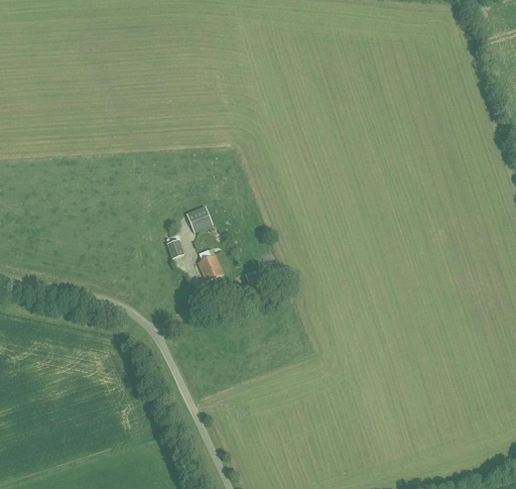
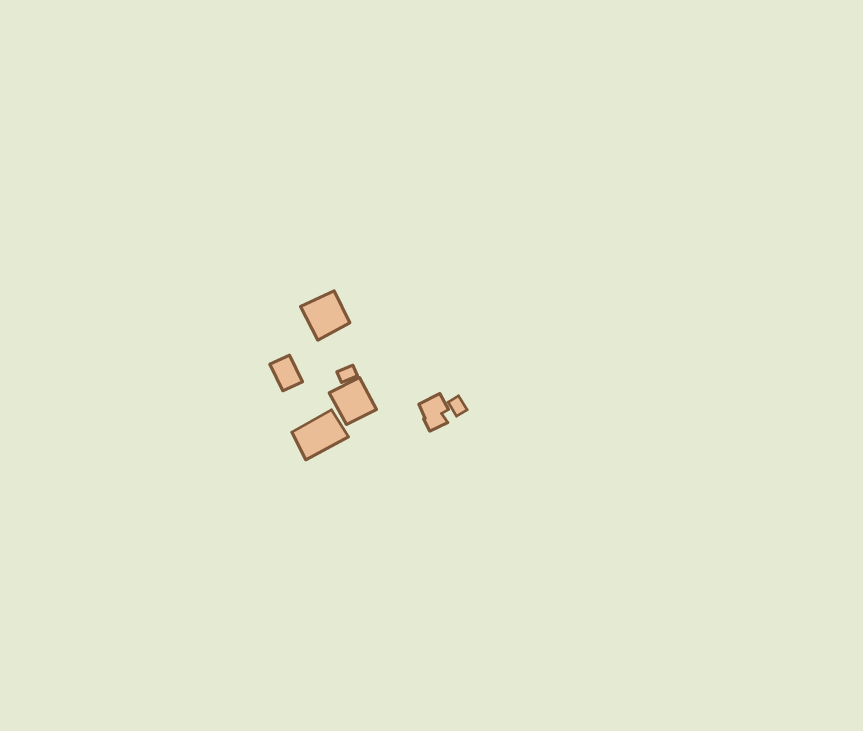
building: none -> [292,410,348,460]

